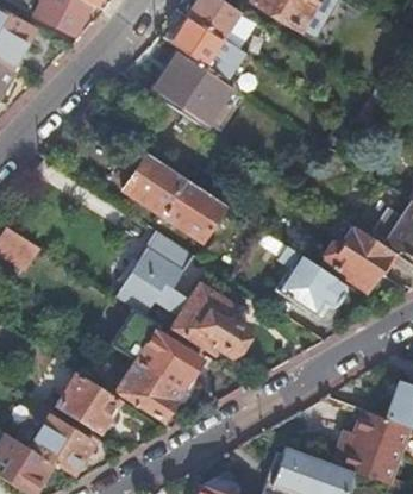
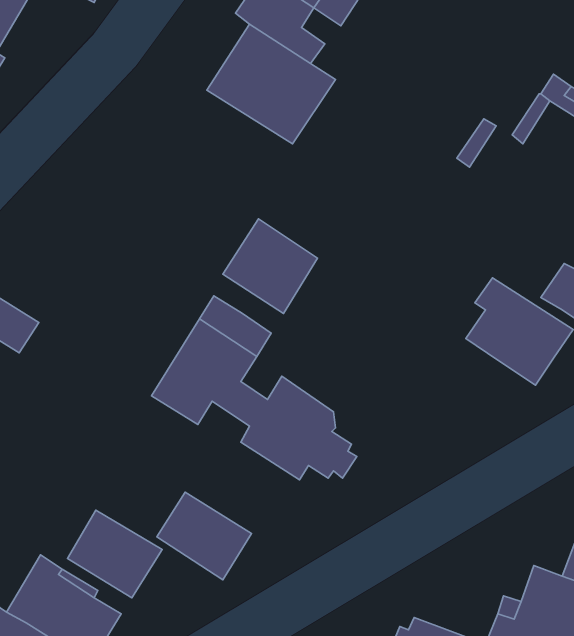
building: [124,154,186,217] -> none
building: [262,233,345,315] -> none
building: [137,330,201,389] -> none

